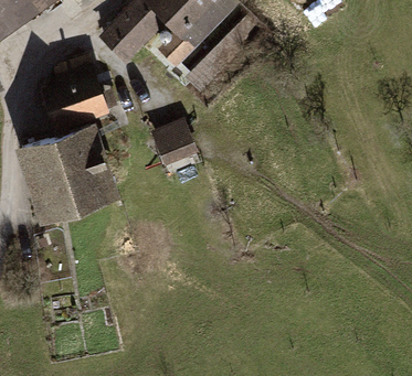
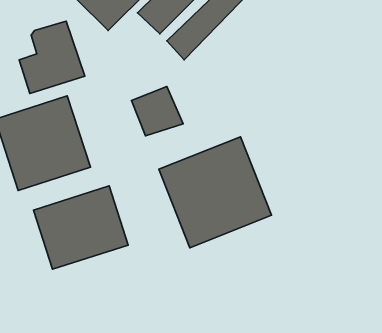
building: none -> [159,137,271,248]
building: none -> [33,186,128,269]

